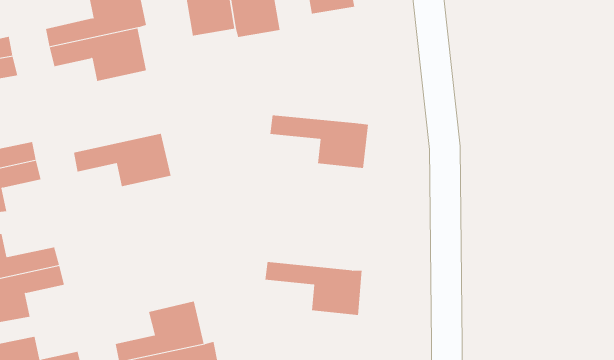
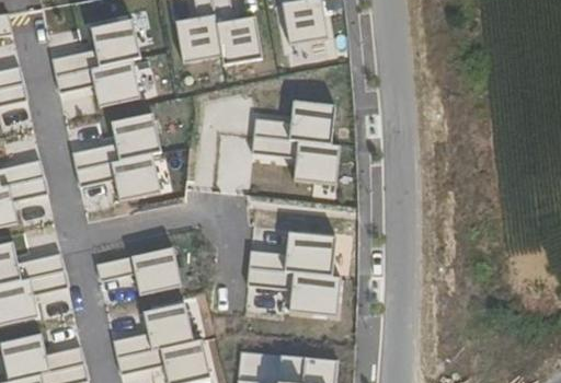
building: none -> [253,101,334,143]
building: none -> [71,112,163,170]
building: none -> [249,232,330,275]
building: none -> [95,244,180,292]

